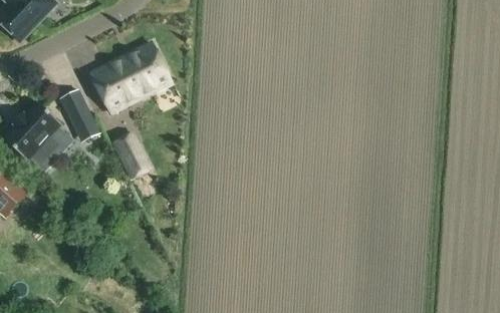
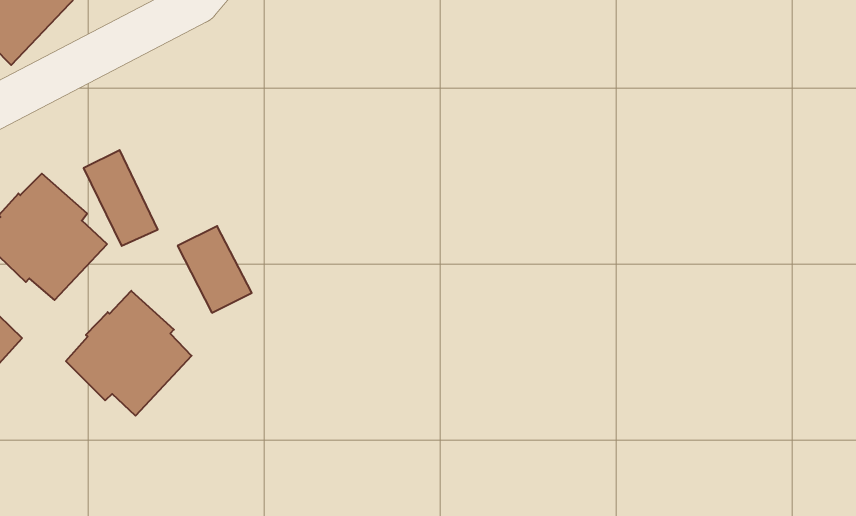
building: [91,43,171,112] -> none
building: none -> [66,291,192,416]

